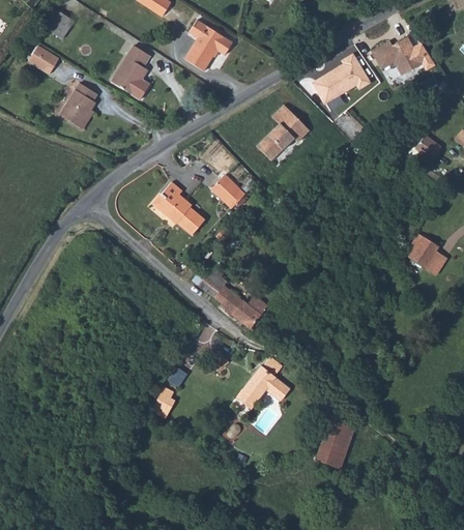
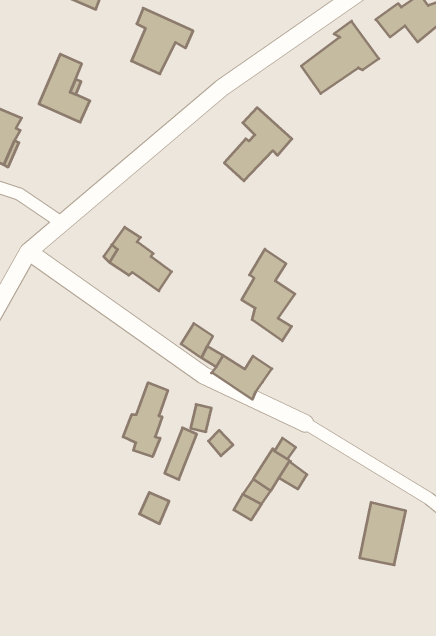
building: [208,177,240,209] -> none
building: none -> [242,249,295,341]
building: none -> [123,383,168,457]

